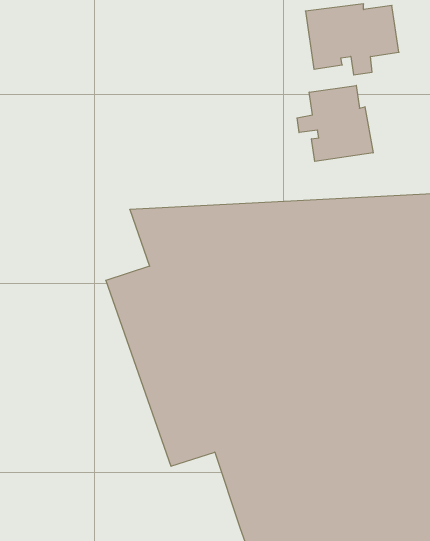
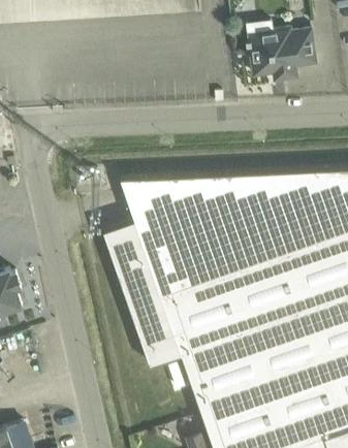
building: [297,85,373,161] -> none

